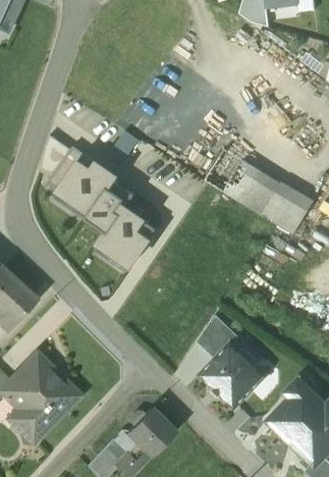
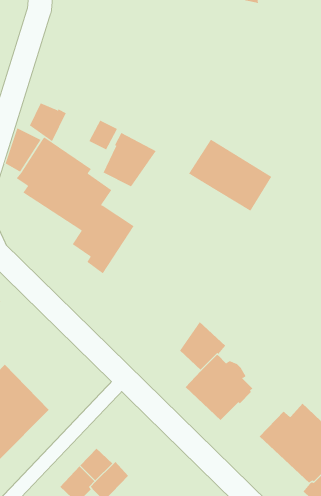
building: none -> [29,102,67,142]
building: none -> [103,132,156,187]
building: [262,183,313,234] -> none
building: [127,408,175,456] -> none

